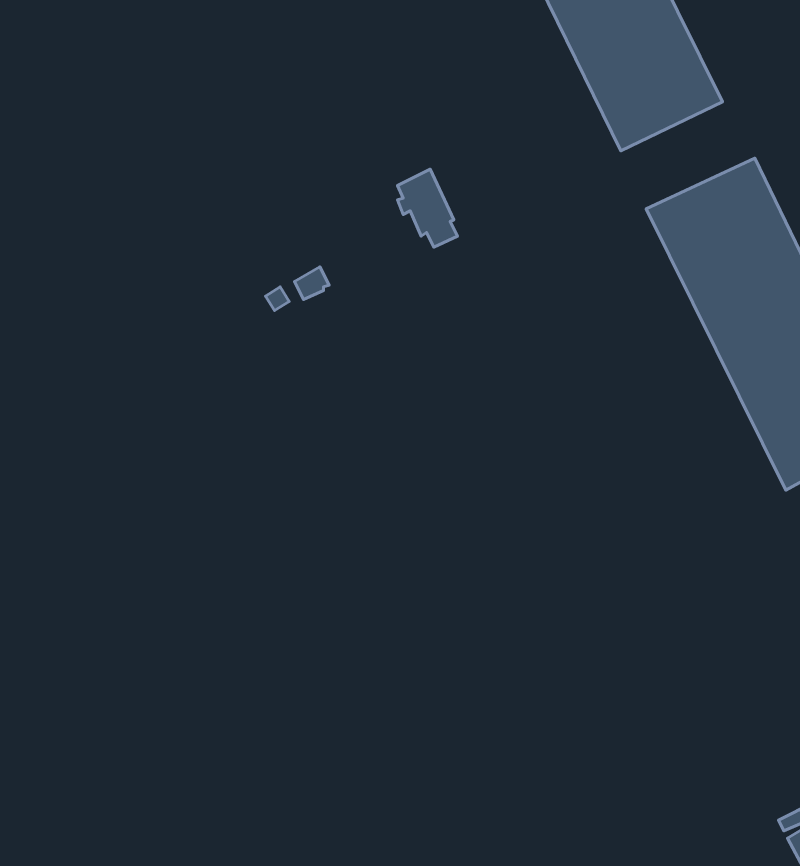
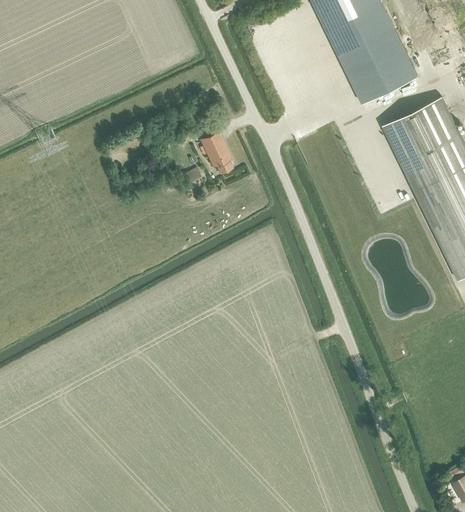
building: [398,169,457,247] -> [202,128,235,171]

